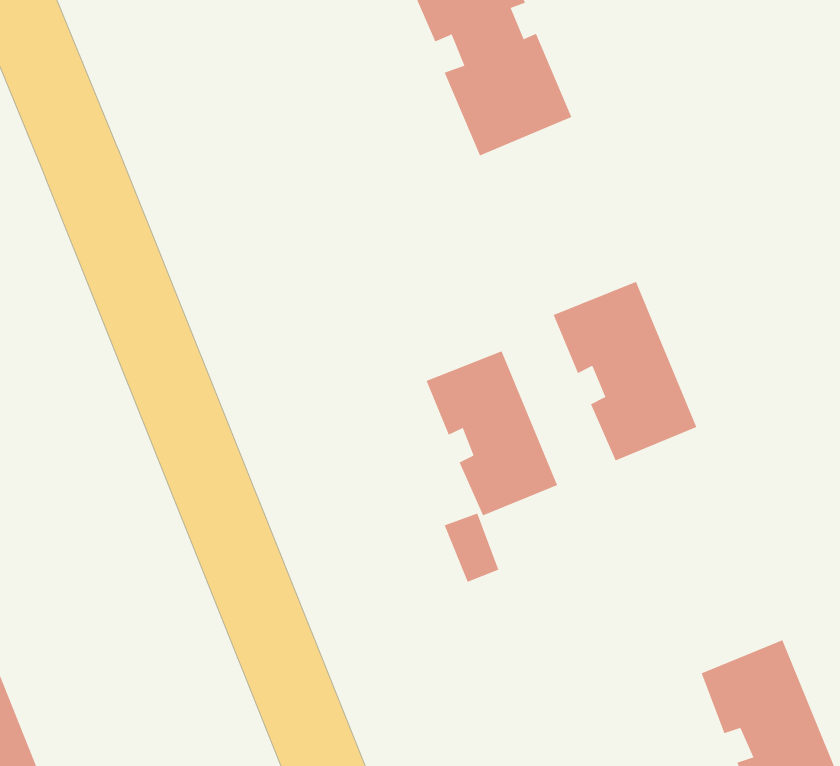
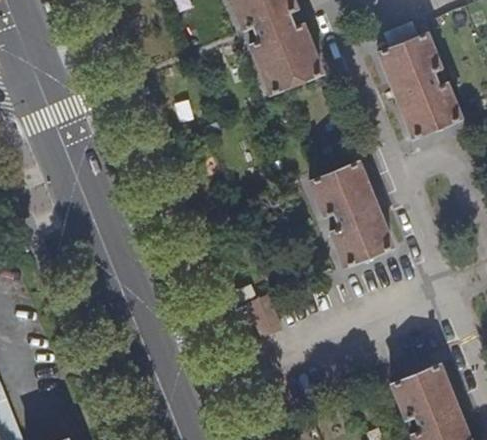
building: none -> [379,34,459,137]
building: [426,351,558,516] -> none

